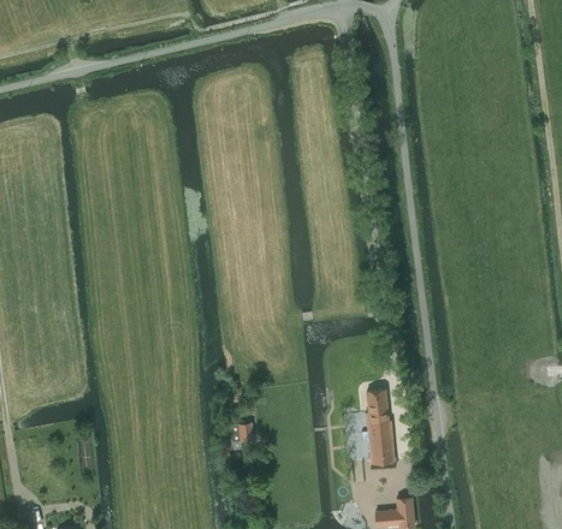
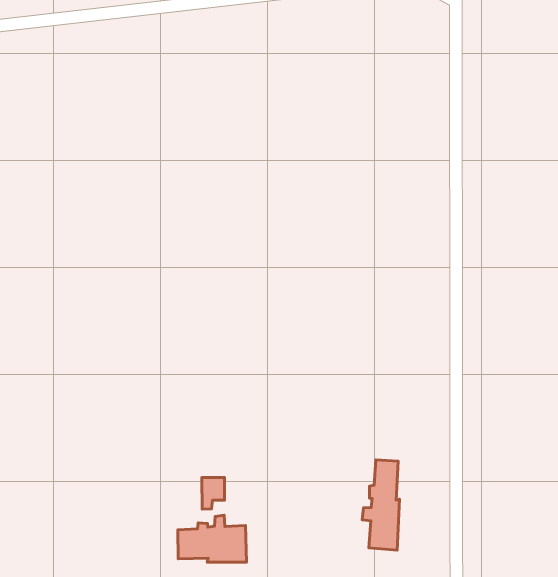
building: none -> [178,515,246,562]

